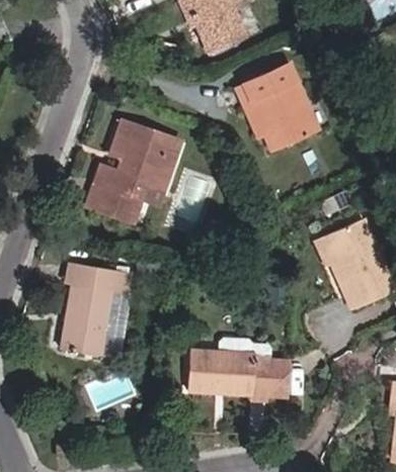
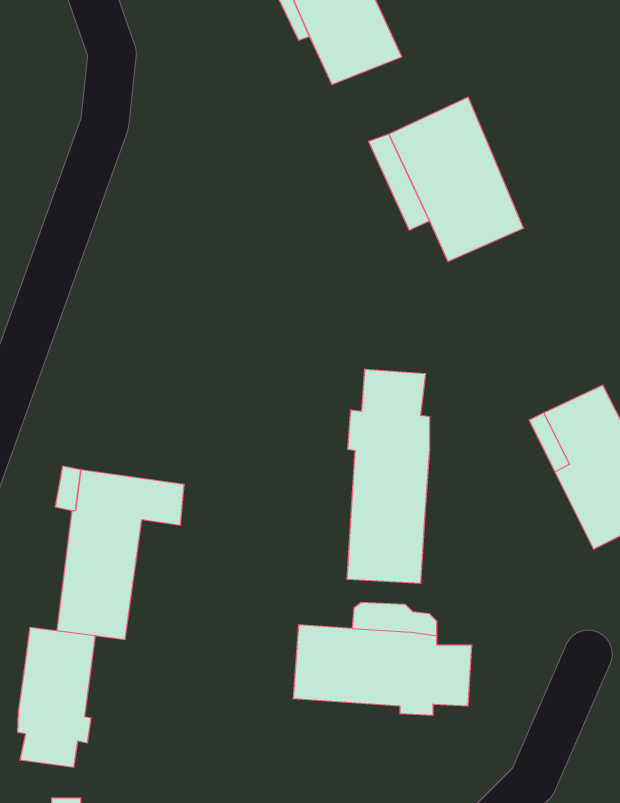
building: [86,118,181,217] -> none
building: none -> [347,369,429,584]
building: none -> [18,627,95,768]

